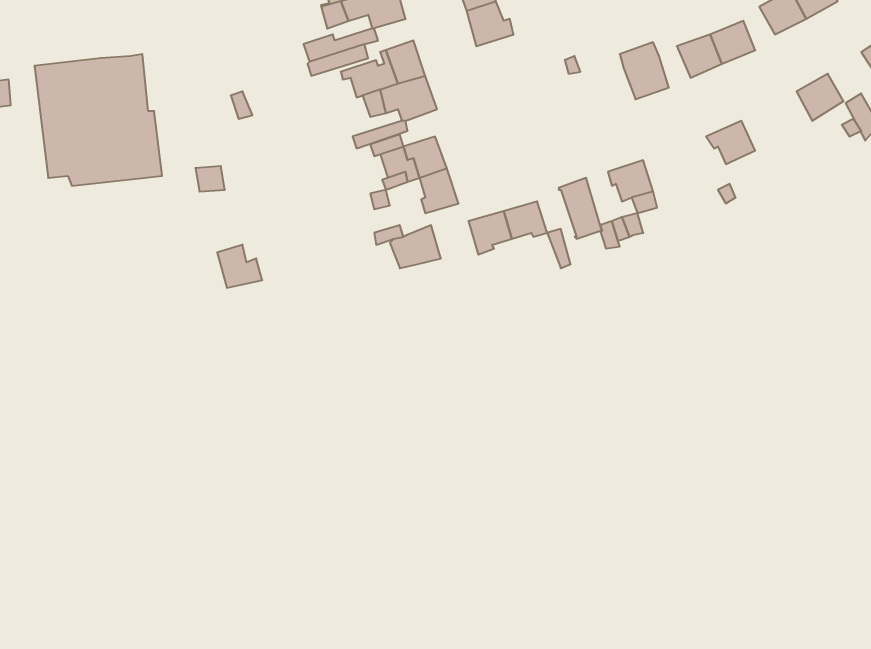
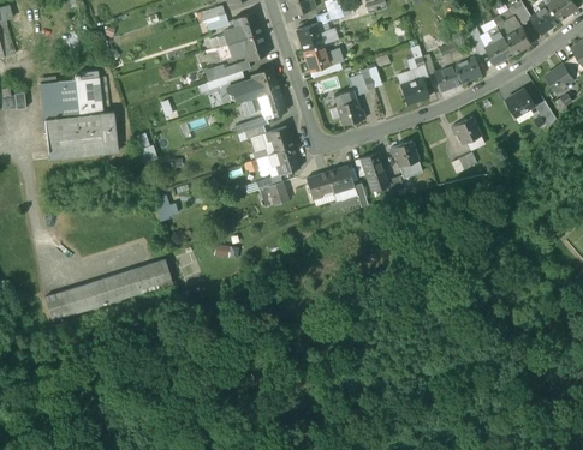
building: none -> [329,90,364,125]
building: none -> [44,259,172,320]

